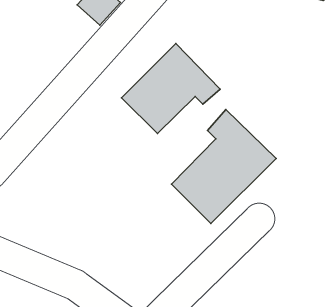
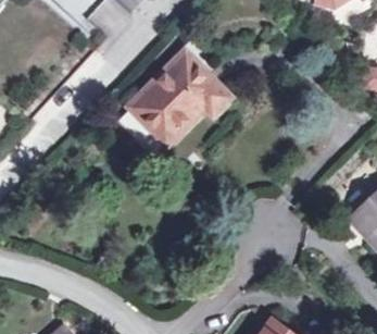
building: [171,110,276,224] -> none

